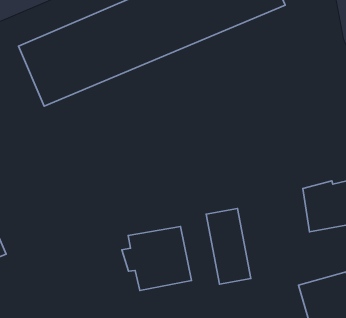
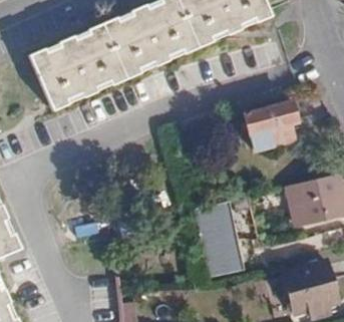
building: none -> [246,102,297,151]
building: [122,227,192,290] -> none

